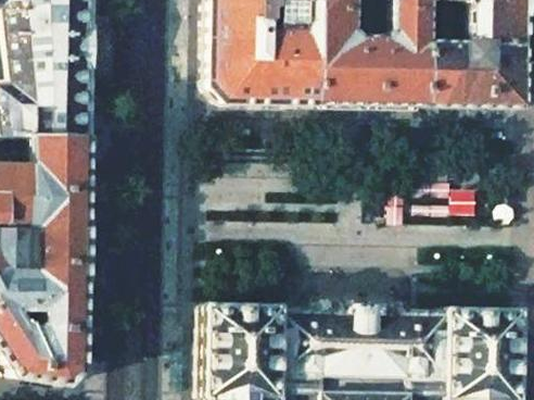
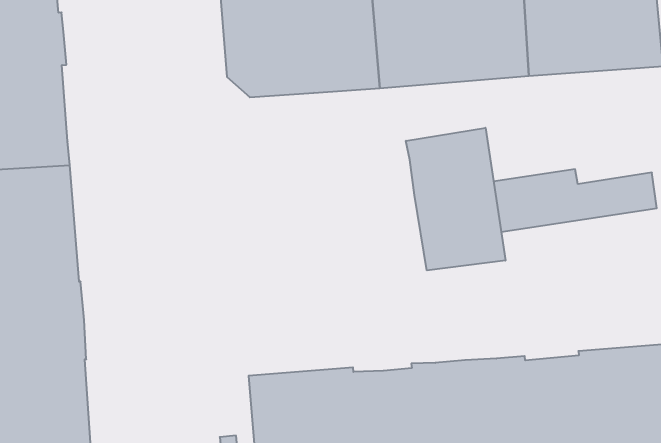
building: none -> [406,128,505,270]

